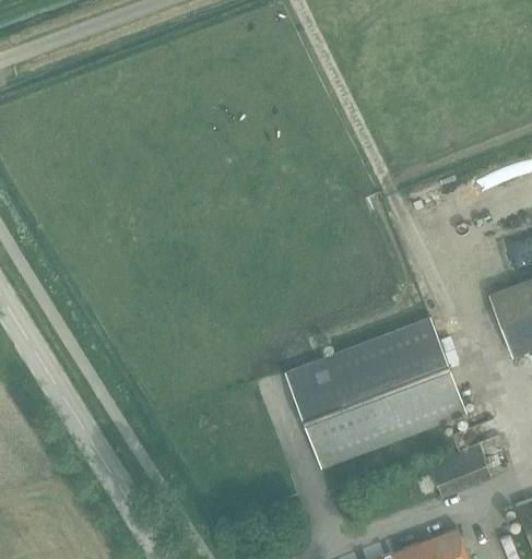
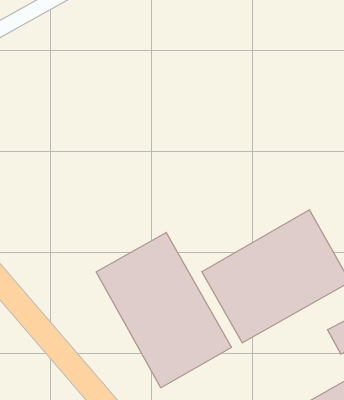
building: none -> [96,232,231,388]

